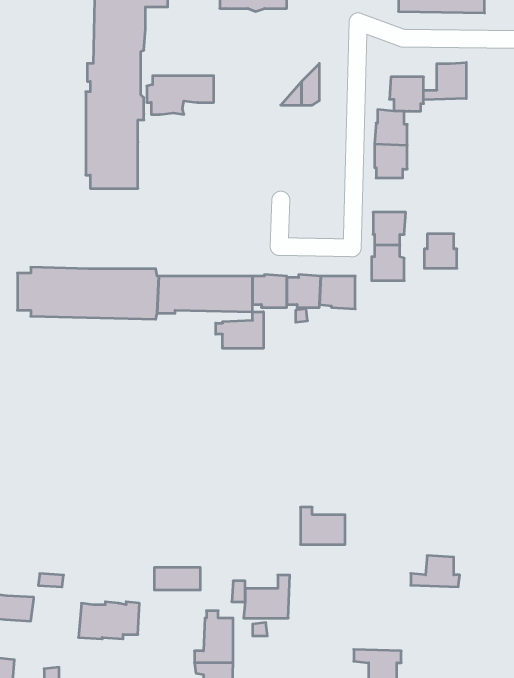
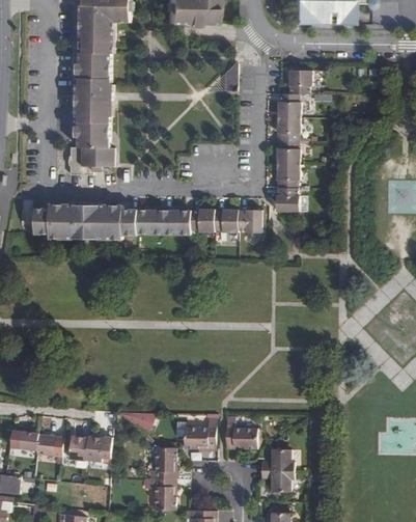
building: [424,62,466,100] -> none
building: [147,76,214,114] -> [67,147,114,174]
building: [424,234,457,268] -> [275,140,298,164]
building: [216,312,263,348] -> none
building: [300,507,345,544] -> [227,422,258,448]
building: [411,556,460,587] -> [261,448,296,470]
building: none -> [36,434,64,456]

